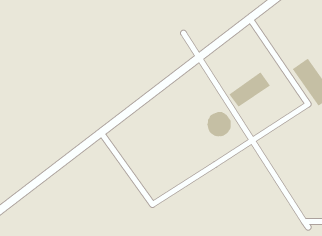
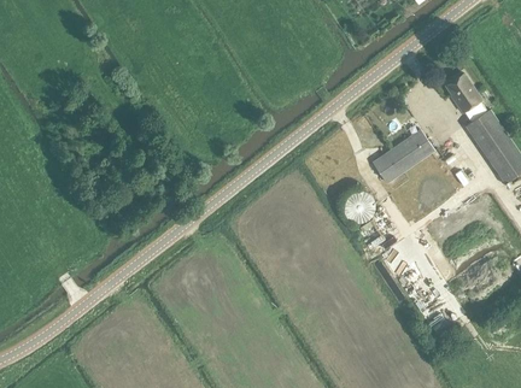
building: none -> [445,74,480,112]

